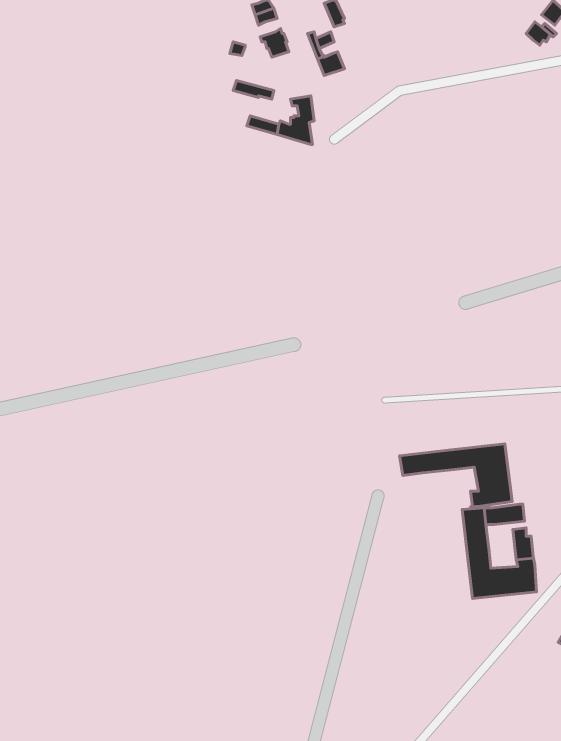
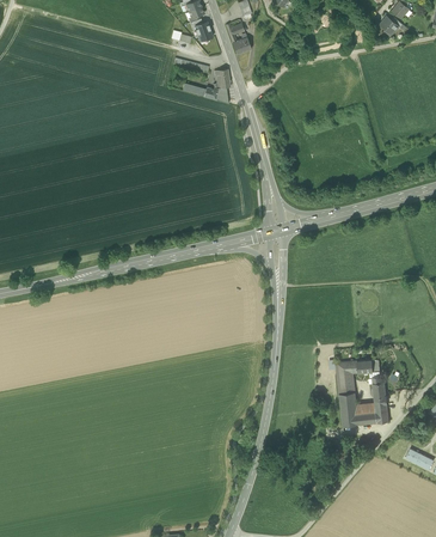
building: [400,444,512,507] -> none

